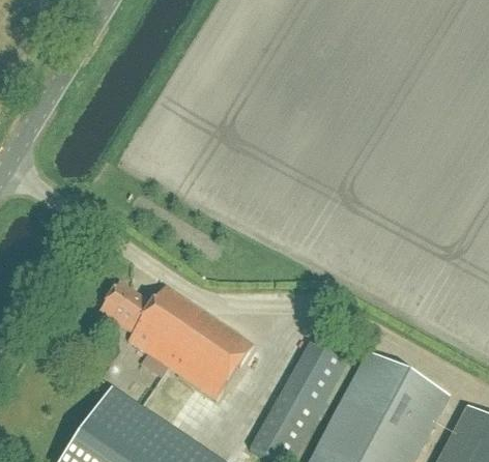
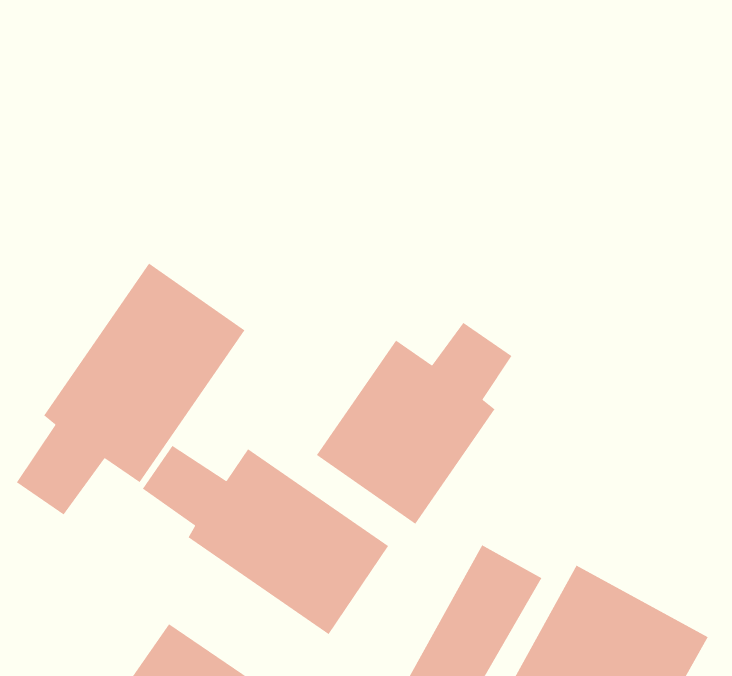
building: none -> [16,262,245,515]
building: none -> [316,322,512,525]

